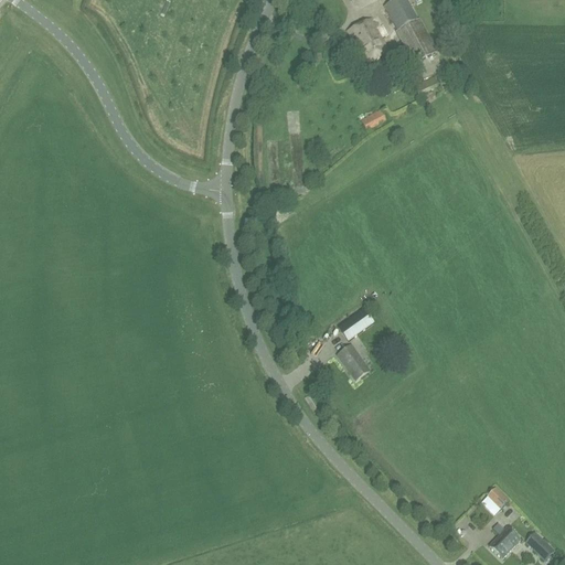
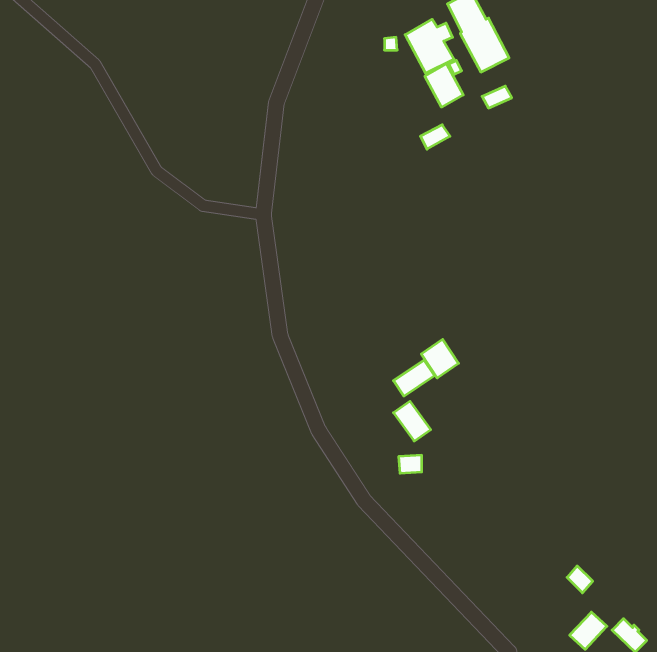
building: none -> [425,64,463,107]
building: none -> [421,339,459,378]

